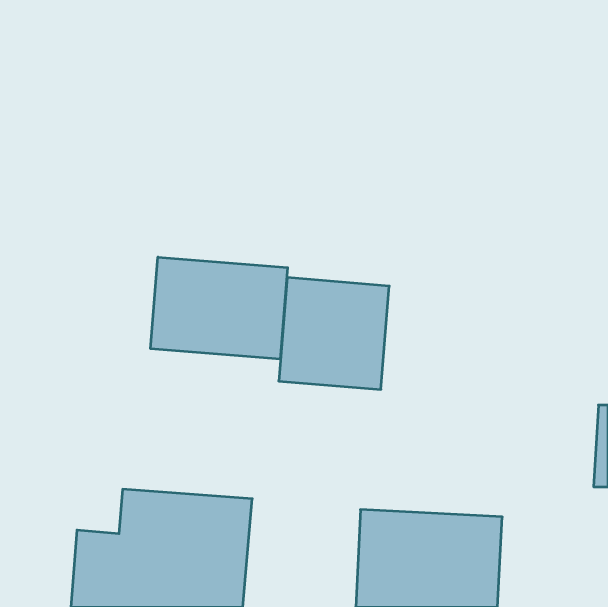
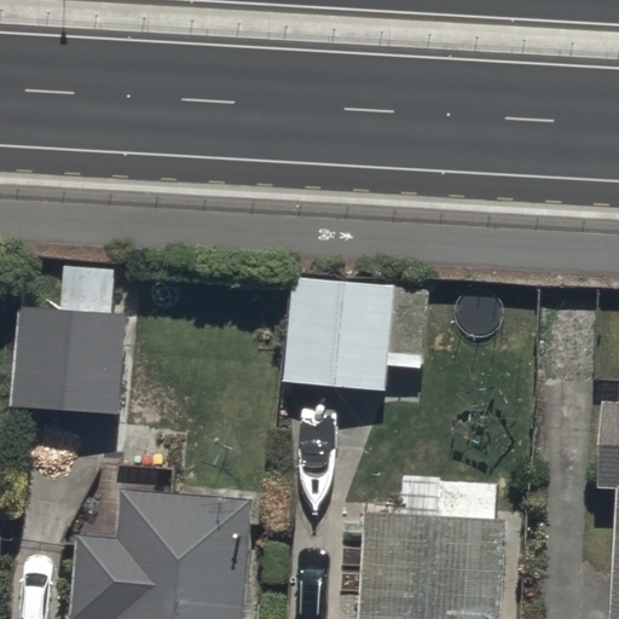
building: [151,257,288,359] -> none
building: none -> [10,307,126,413]

